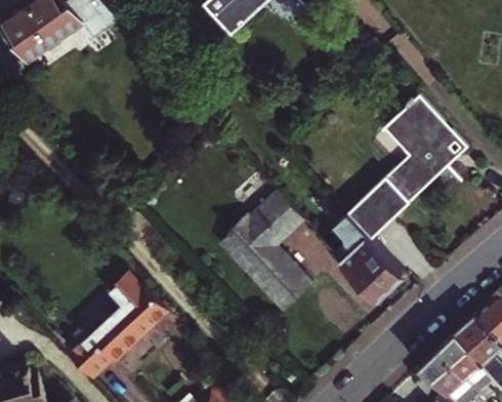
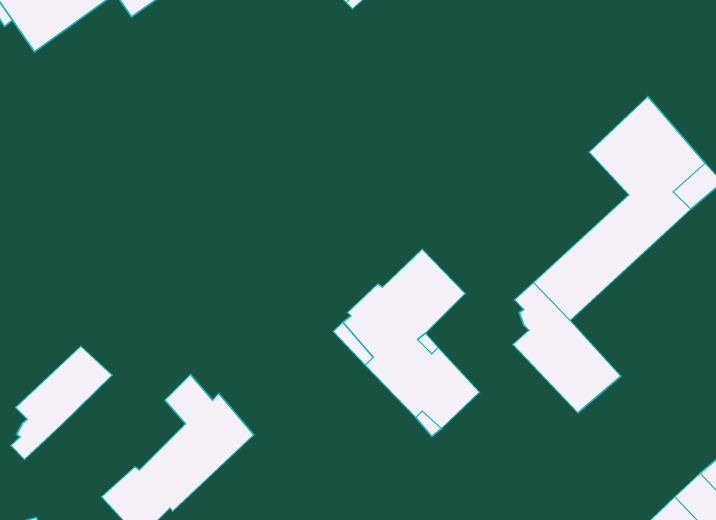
building: none -> [11,346,112,459]

